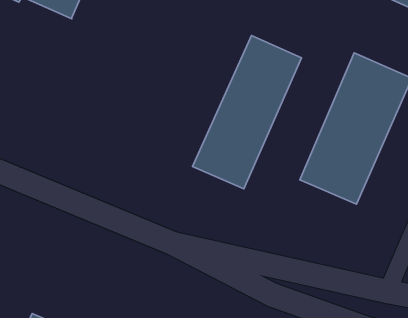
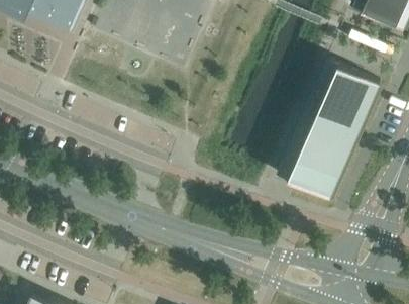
building: [192,35,301,189] -> none

